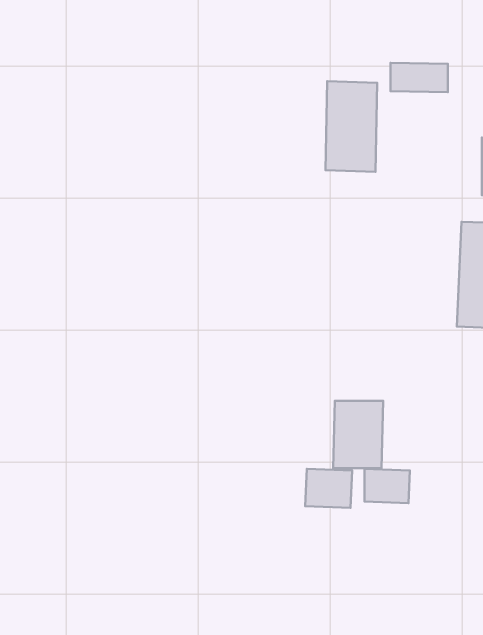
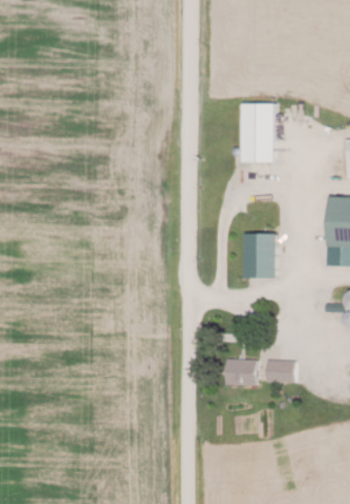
building: [390,63,448,92] -> none
building: [333,401,383,468] -> [243,233,276,278]

